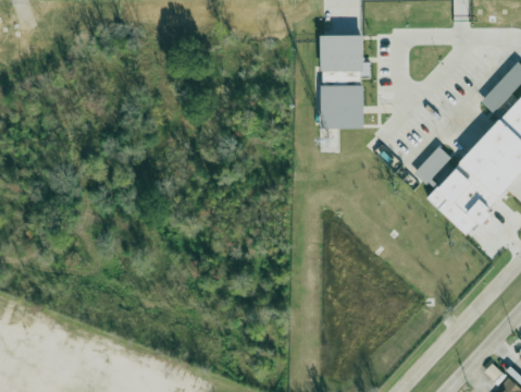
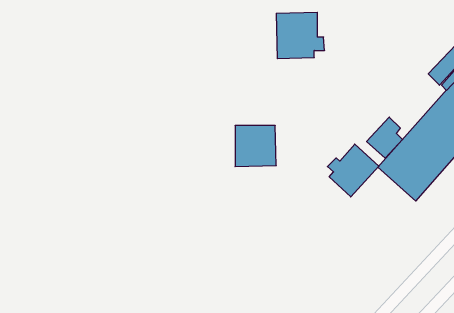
building: [321,84,364,127] -> [235,126,276,167]
building: none -> [327,144,379,197]

